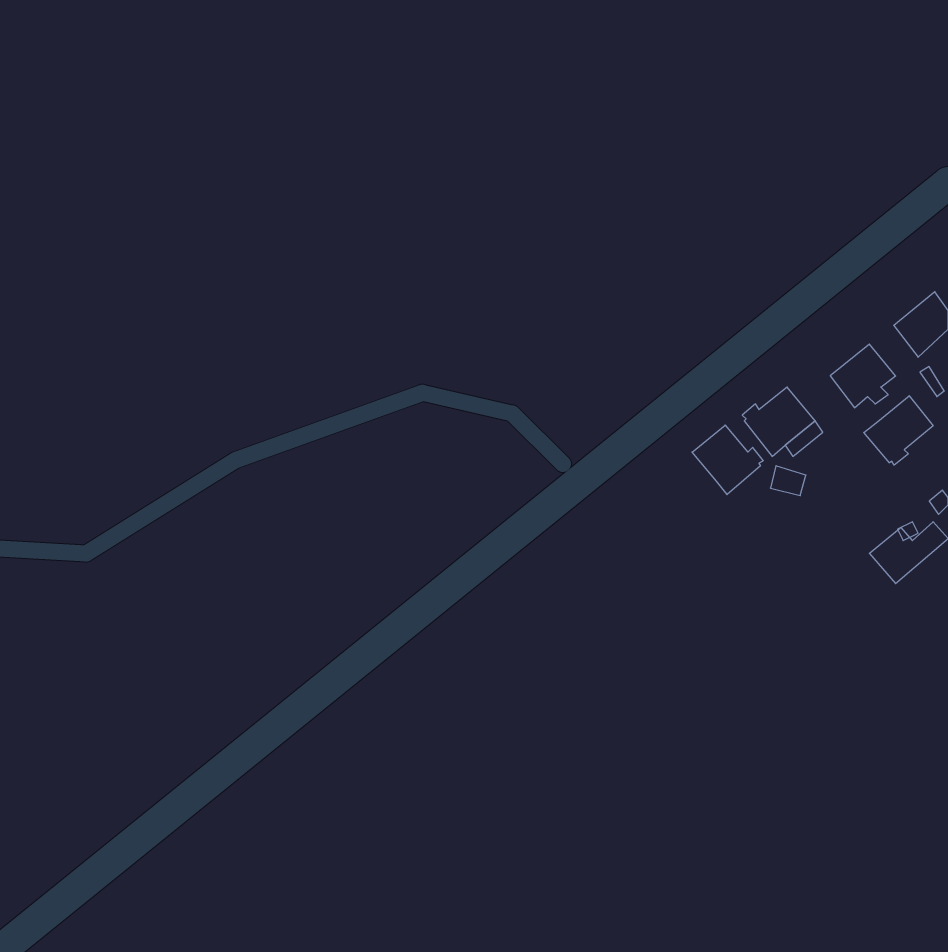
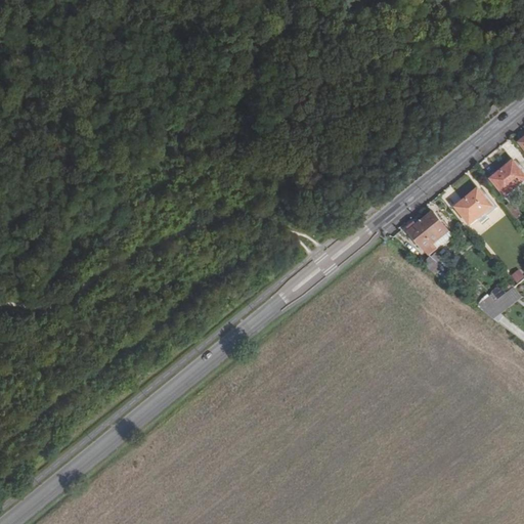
building: [864,396,933,465] -> none
building: [692,425,763,495] -> none

